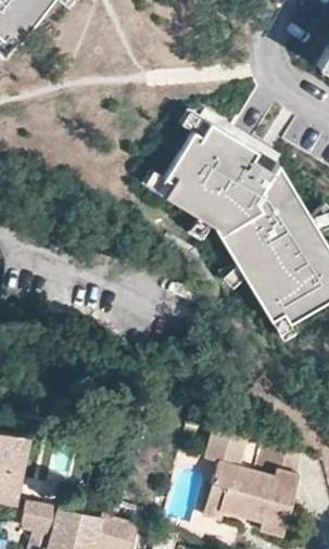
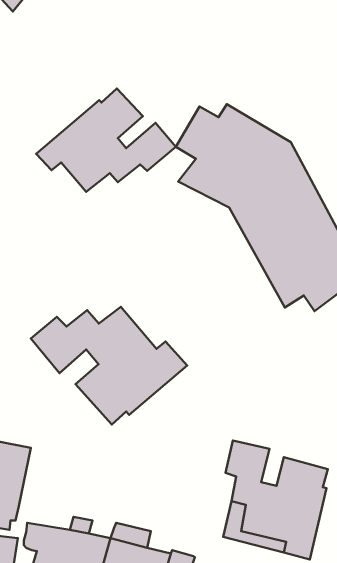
building: none -> [36,88,176,192]
building: none -> [31,307,187,424]

